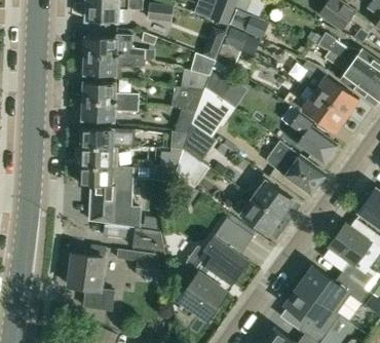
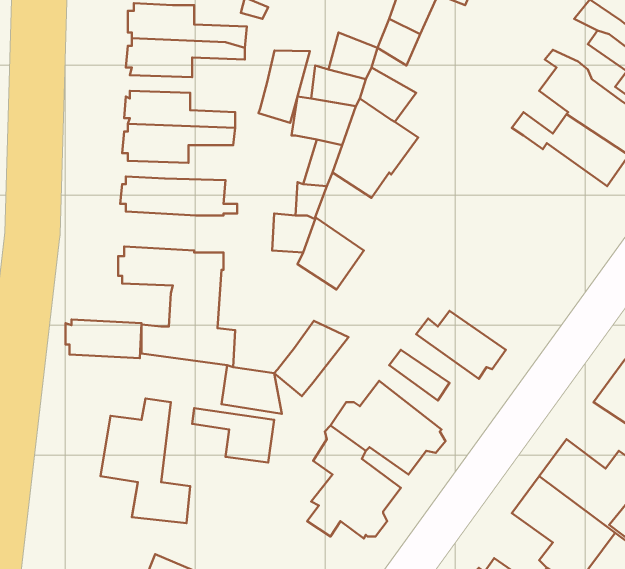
building: none -> [258,51,310,123]
building: [281,106,337,162] -> none
building: [267,141,326,195] -> none
building: [79,146,119,166] -> [66,319,142,358]
building: [253,177,293,219] -> none
building: none -> [274,321,349,396]

